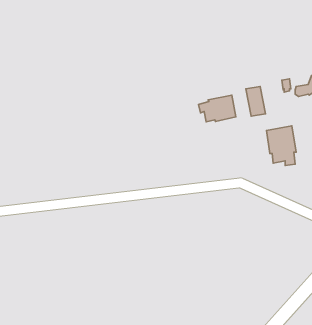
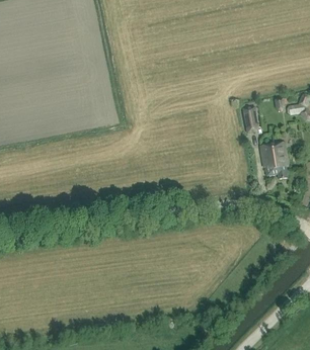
building: [198,95,236,122] -> none

